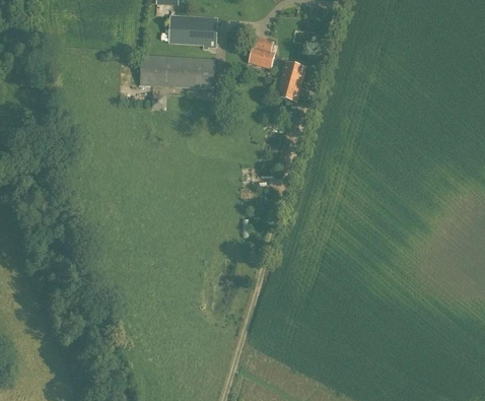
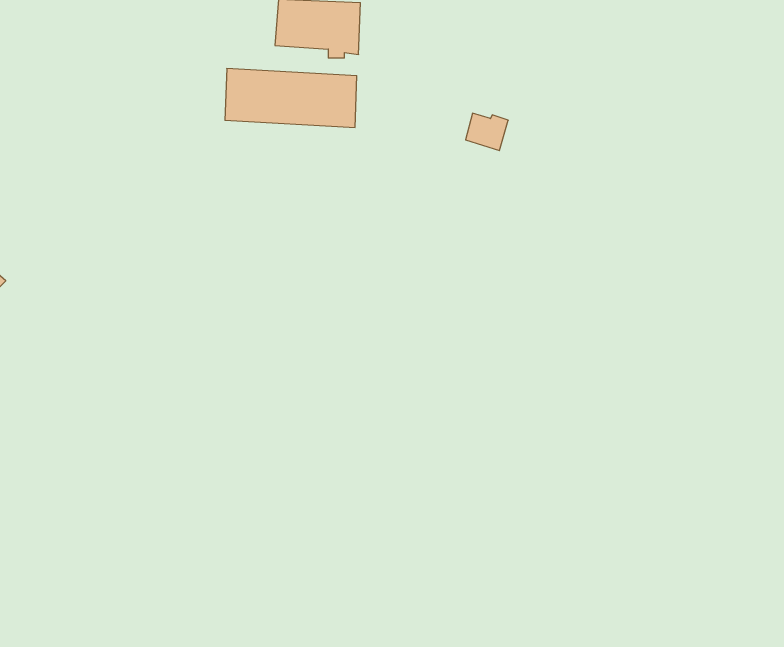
building: [248,47,276,69] -> none
building: [281,62,305,84] -> none

